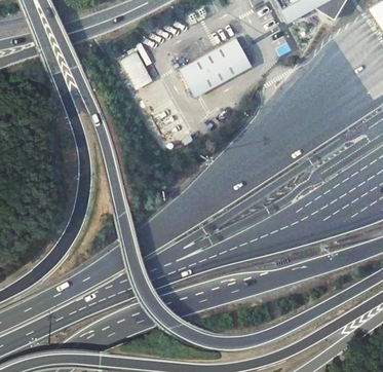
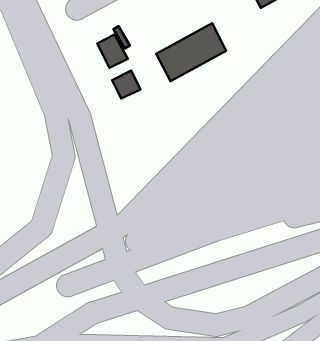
building: none -> [112,71,141,98]

